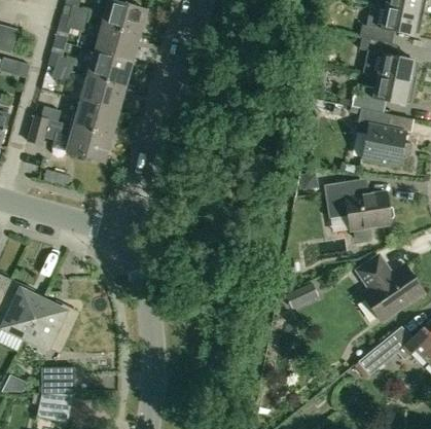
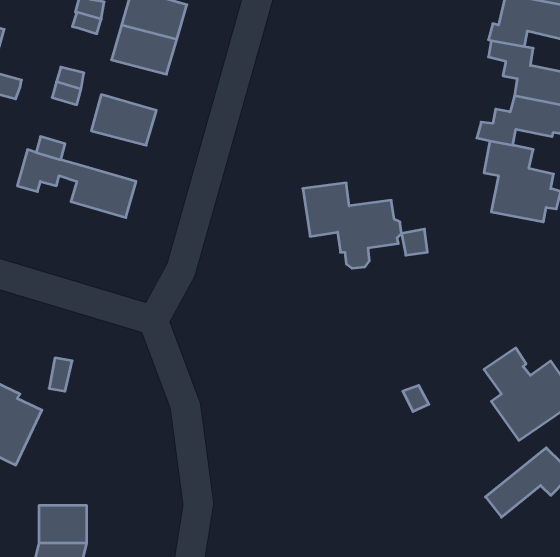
building: [85,50,132,86] -> none
building: [71,101,117,137] -> none
building: [324,180,394,241] -> [303,183,401,268]
building: [25,299,79,352] -> none

